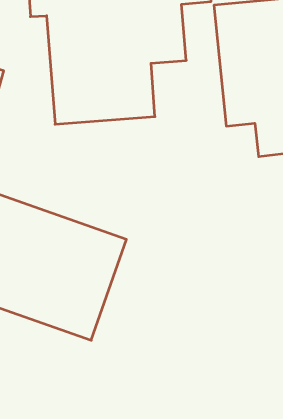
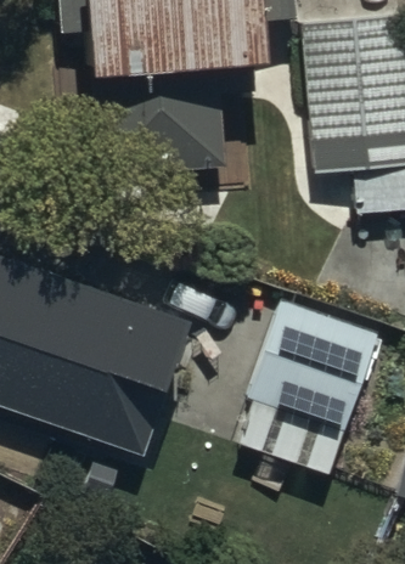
building: none -> [235,297,378,474]

